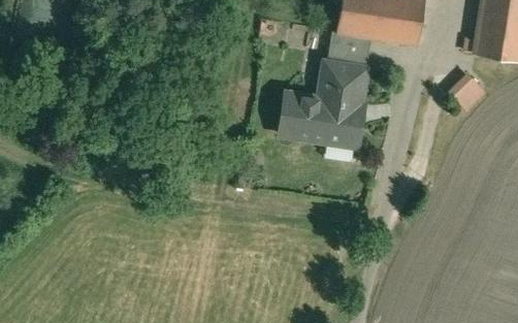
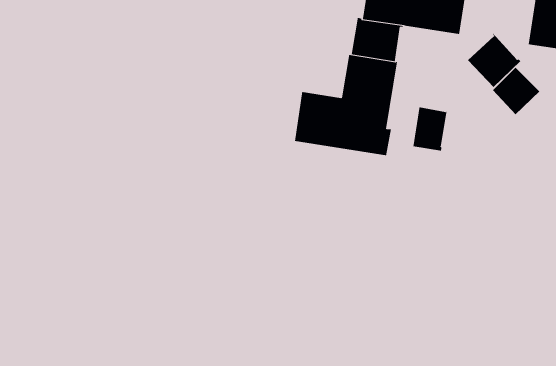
building: none -> [467,33,521,88]
building: none -> [413,107,448,151]

